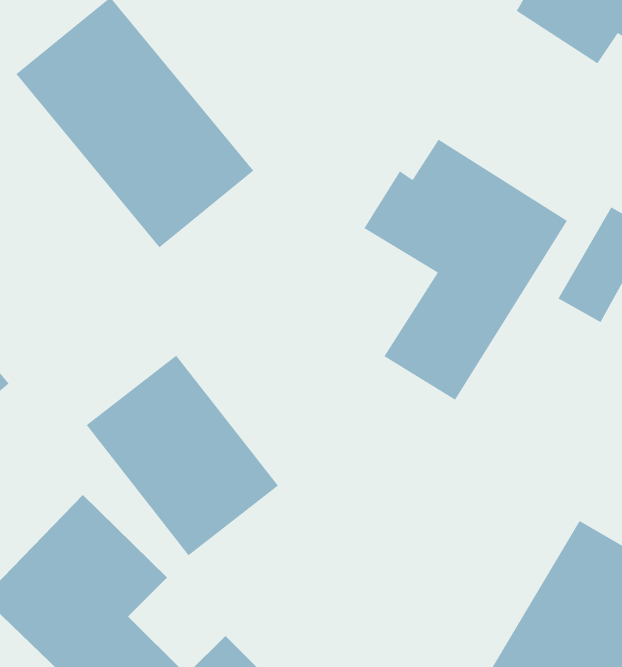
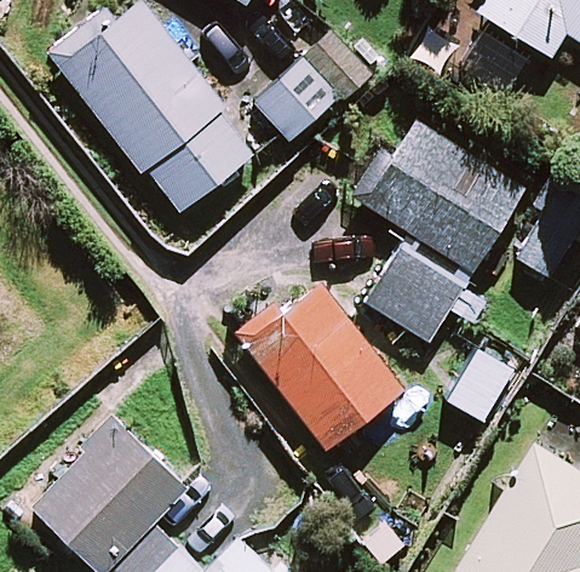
building: none -> [254,30,369,141]
building: [86,355,279,556] -> [240,279,402,448]

